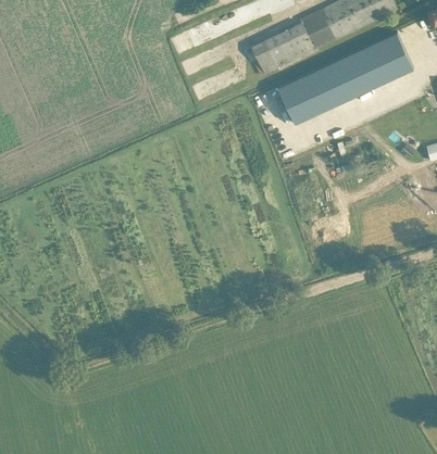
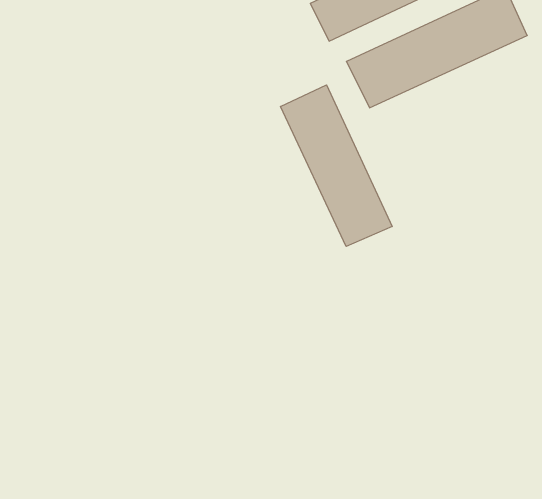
building: none -> [281,85,392,246]

